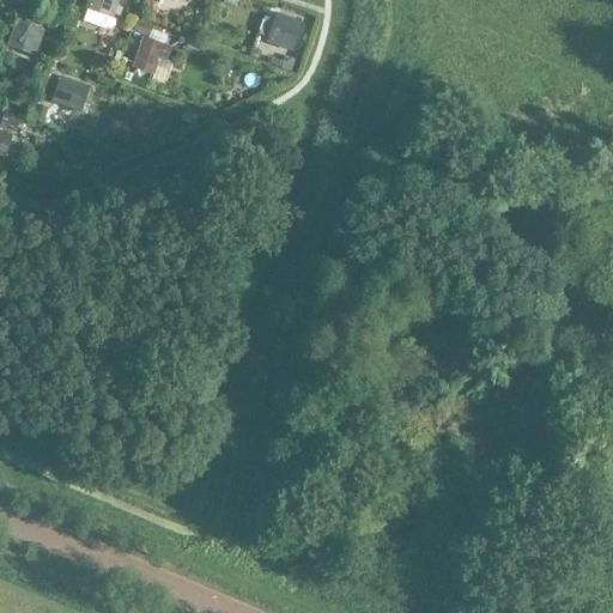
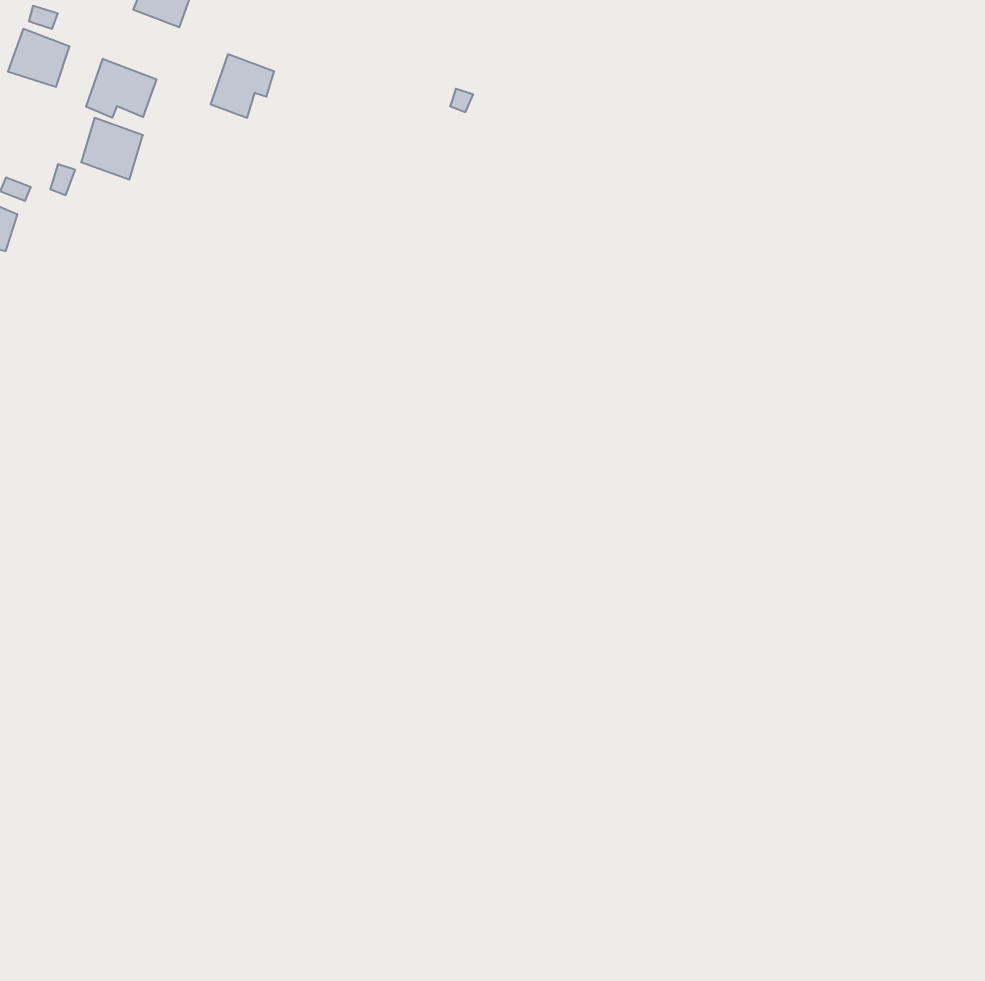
building: [265,11,302,50] -> none
building: none -> [86,59,157,118]

